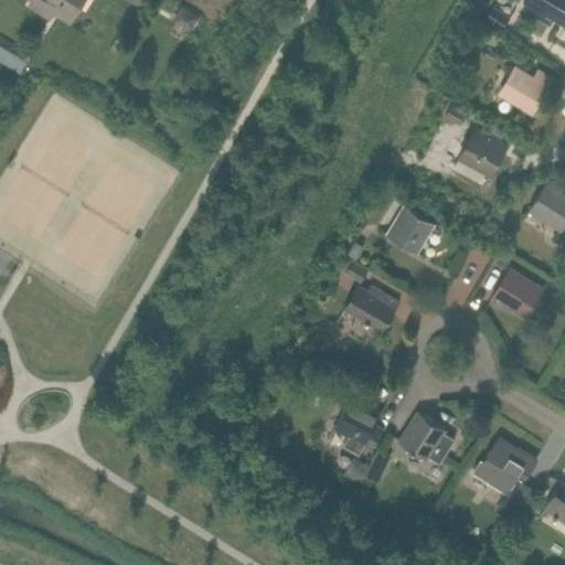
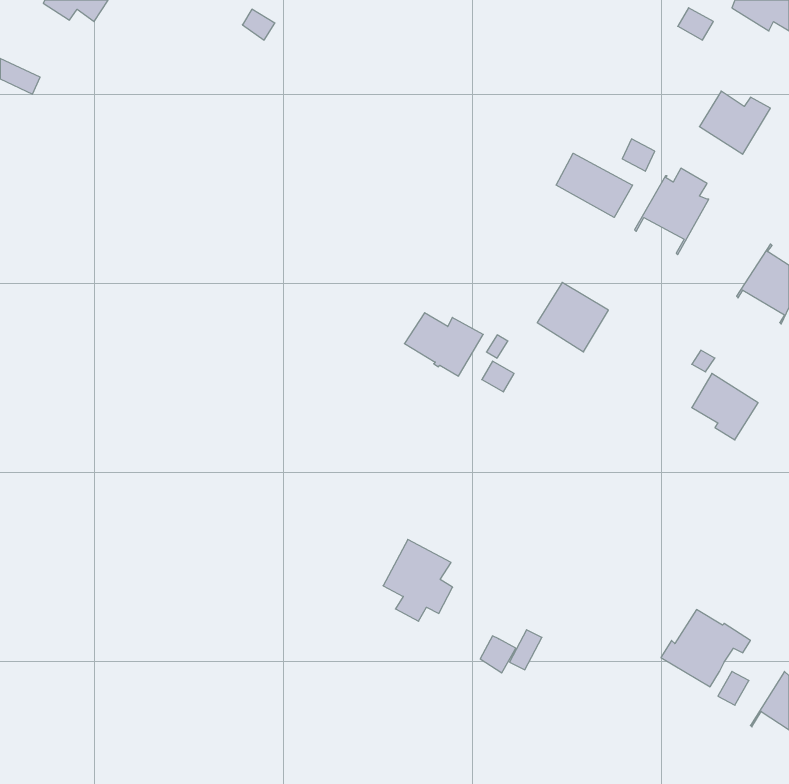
building: none -> [556,153,633,217]
building: [343,287,399,332] -> [404,313,483,376]
building: [333,397,383,456] -> [383,539,453,621]
building: [398,413,455,465] -> none

